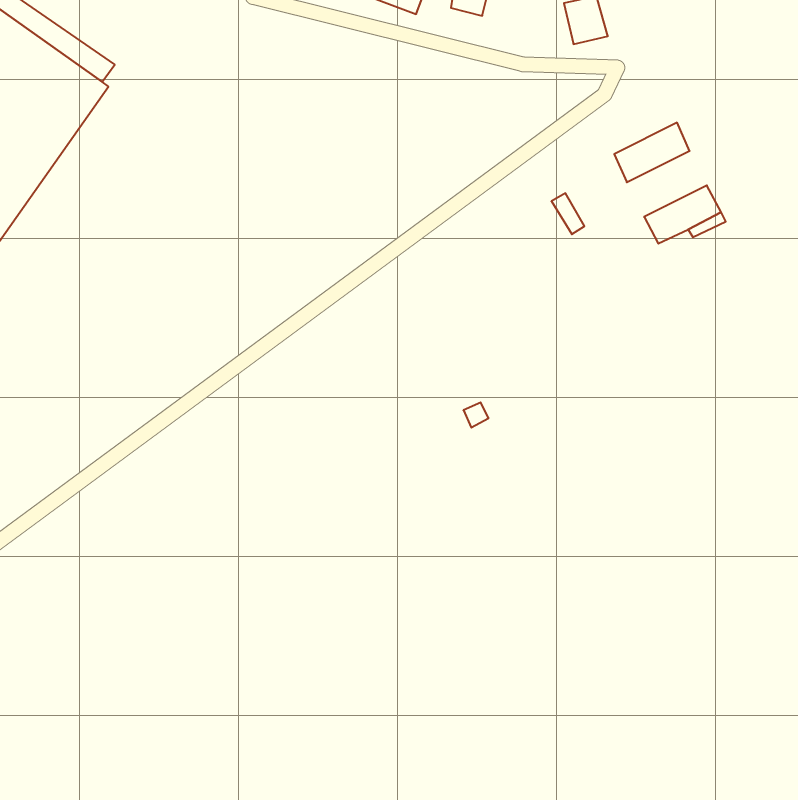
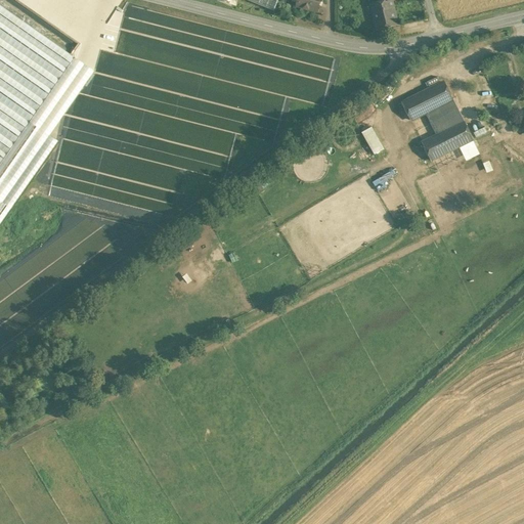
building: none -> [423,98,461,134]

